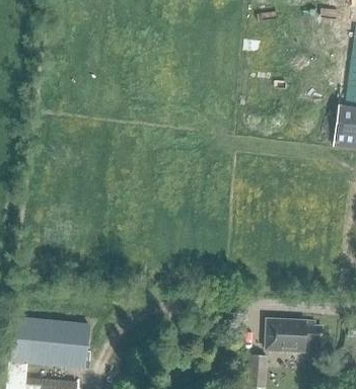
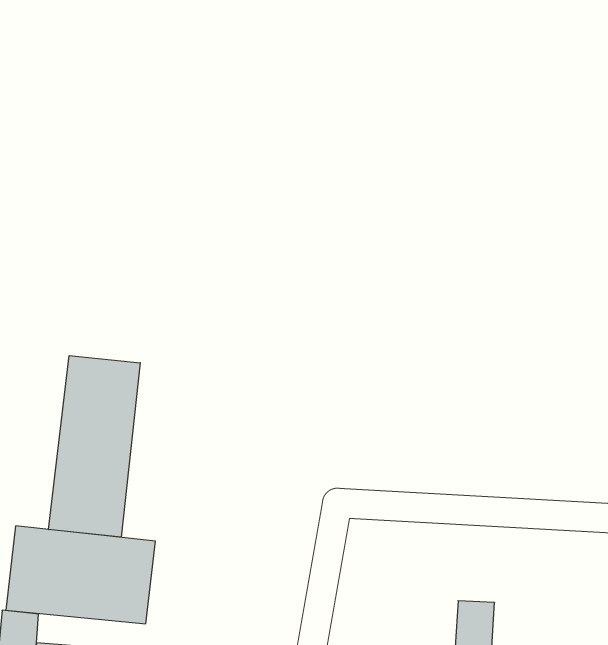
building: none -> [48,356,140,537]
building: [264,316,325,352] -> none

